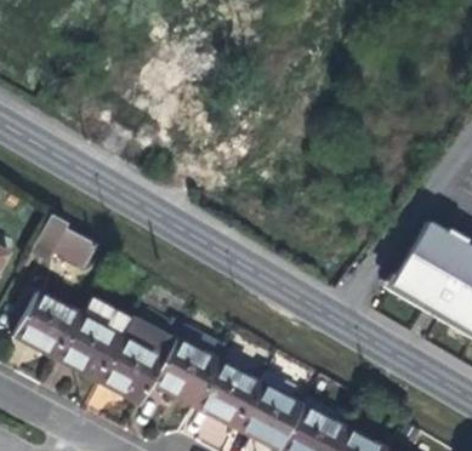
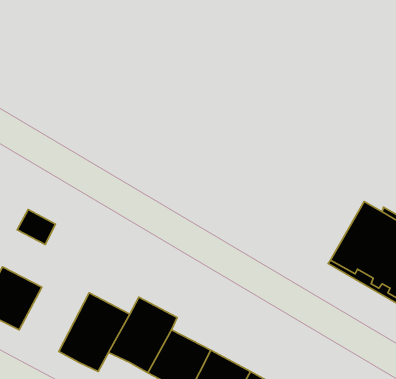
building: [55,296,130,381] -> none

